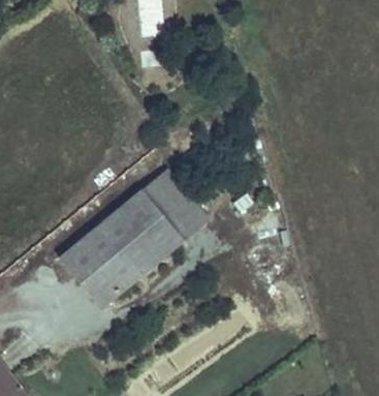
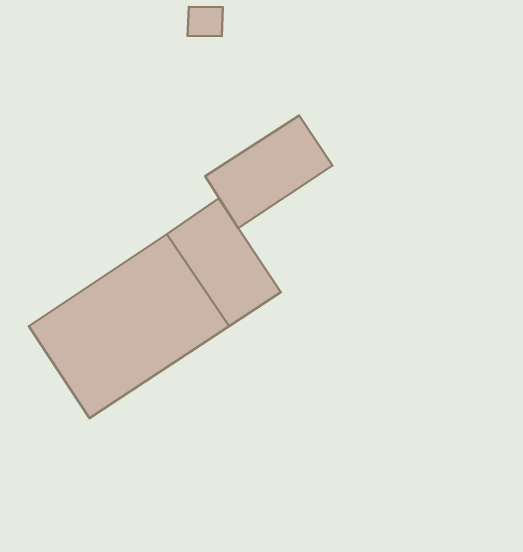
building: none -> [205,115,332,228]

